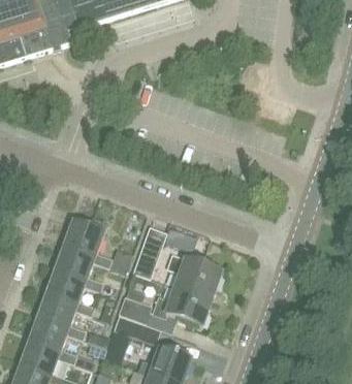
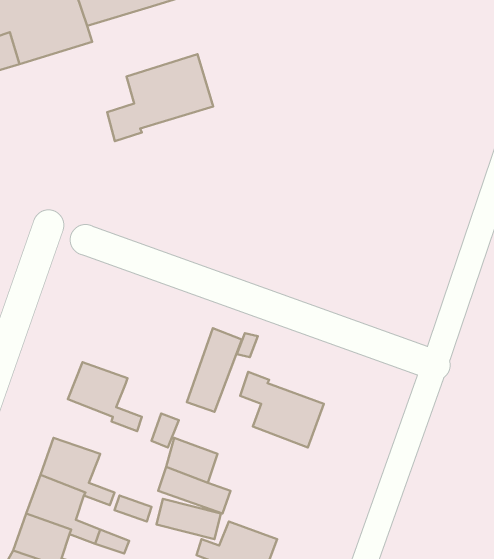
building: none -> [107,54,213,141]
building: [65,221,113,264] -> none
building: [46,268,95,313] -> none
building: [152,286,210,325] -> none

